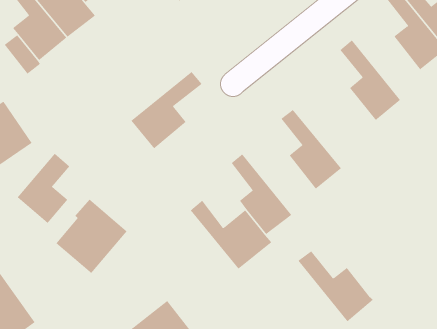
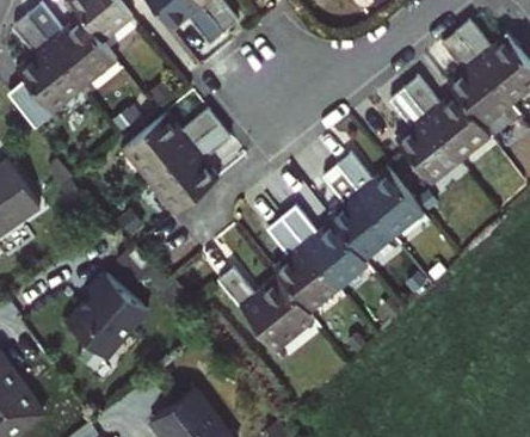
building: none -> [402,79,487,158]
building: none -> [124,111,221,181]
building: none -> [335,156,420,235]
building: [17,153,70,224] -> none
building: [298,250,374,322] -> [278,207,364,288]

